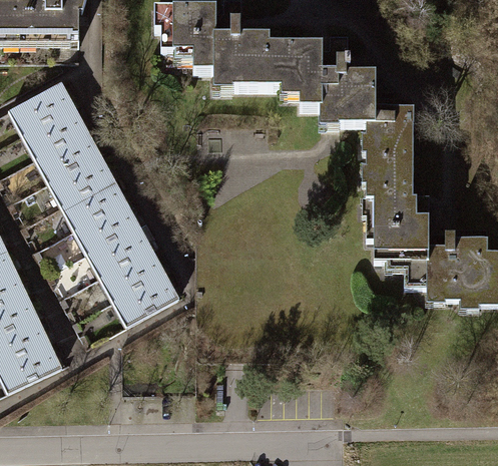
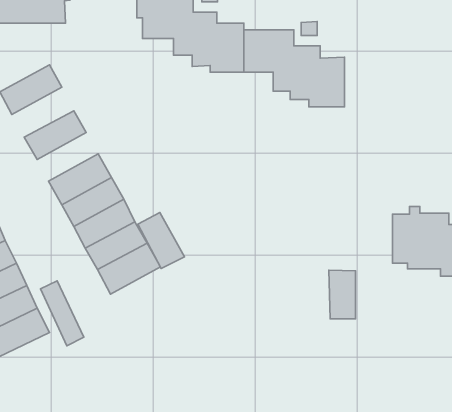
building: [366,95,427,286] -> none
building: [21,104,87,157] -> none
building: [48,152,113,204] -> none
building: none -> [138,213,184,268]
building: none -> [329,270,356,319]
building: none -> [41,281,84,346]

